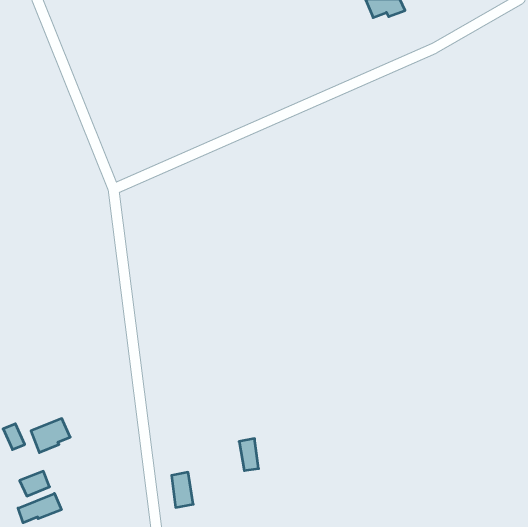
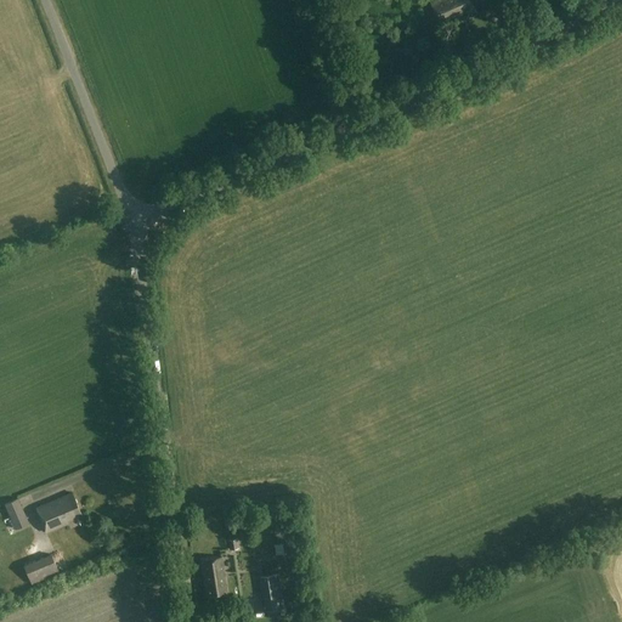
building: [239,439,259,471] -> [260,572,283,610]
building: [18,493,61,523] -> none

